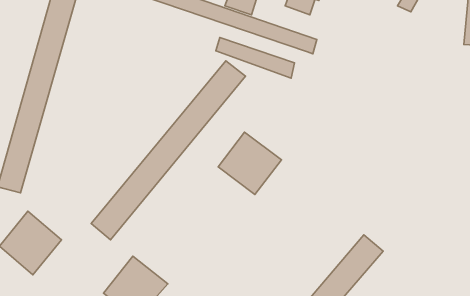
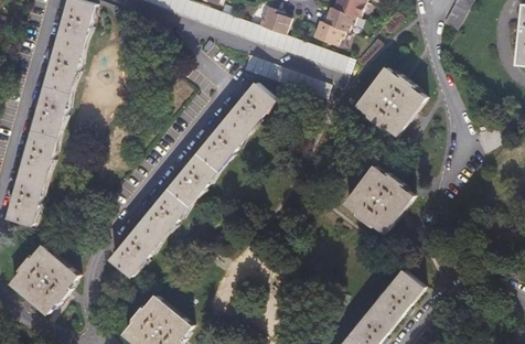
building: none -> [310,22,341,45]
building: none -> [358,67,426,135]
building: [218,132,281,195] -> [346,166,415,234]

